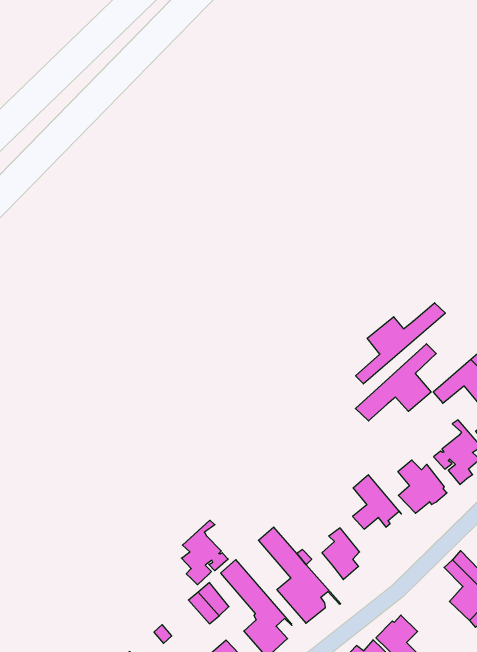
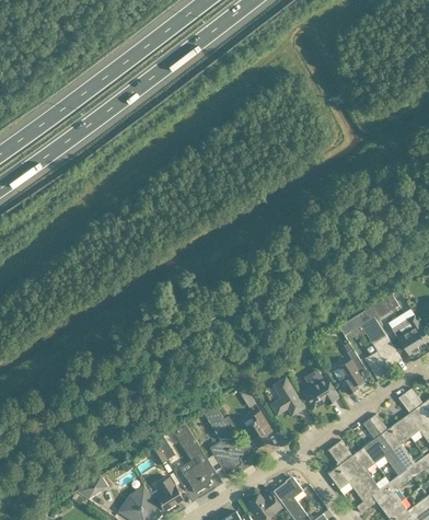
building: [356,303,445,384] -> none
building: [355,344,436,421] -> none
building: [181,520,228,585] -> none

